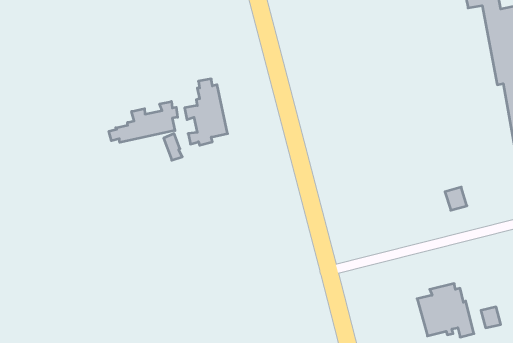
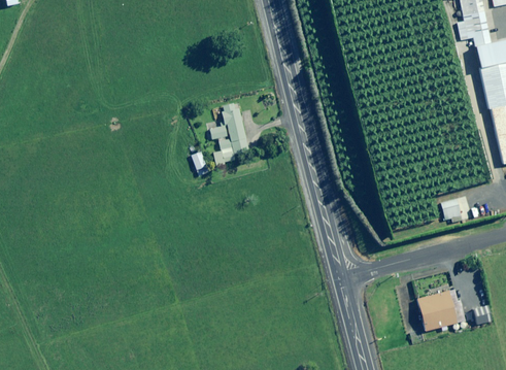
building: [109,101,178,142] -> none

